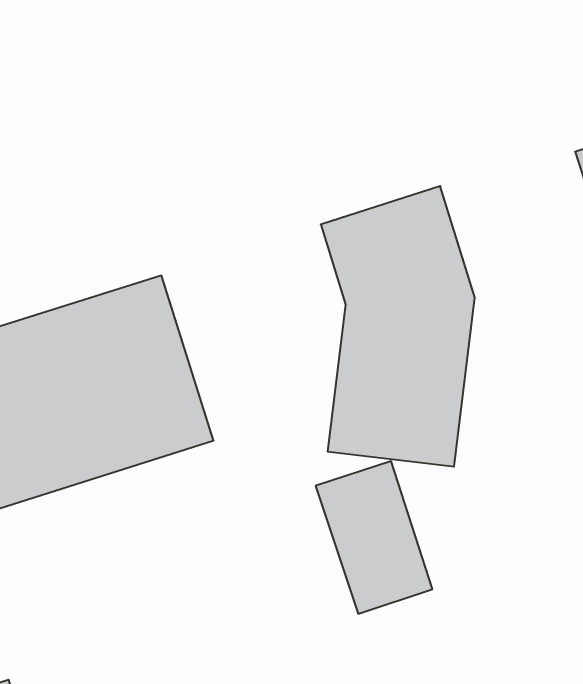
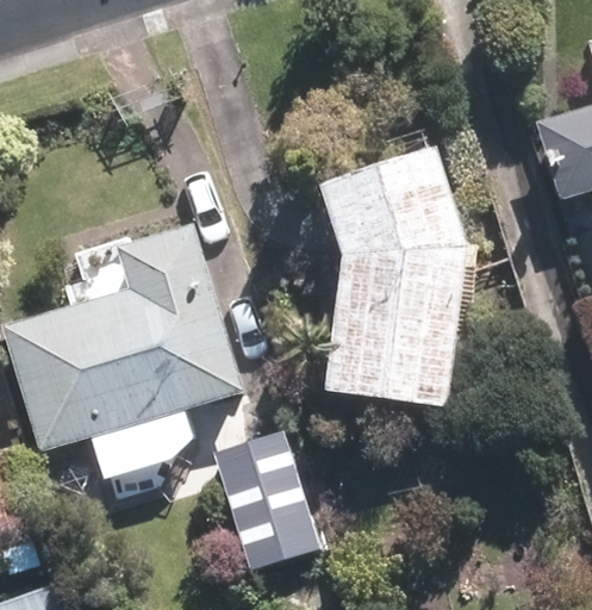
building: [316,461,432,614] -> [219,434,320,566]

